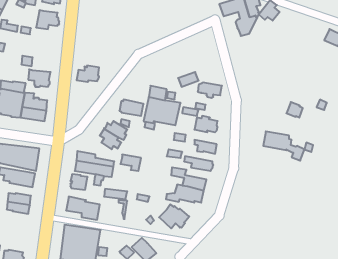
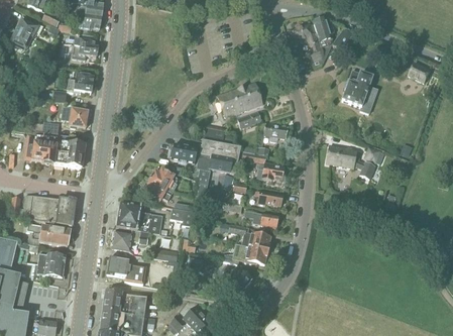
building: none -> [342,68,374,112]
building: none -> [218,81,262,115]
building: [77,66,99,82] -> [67,74,93,93]
building: [263,131,305,161] -> [326,143,374,178]

